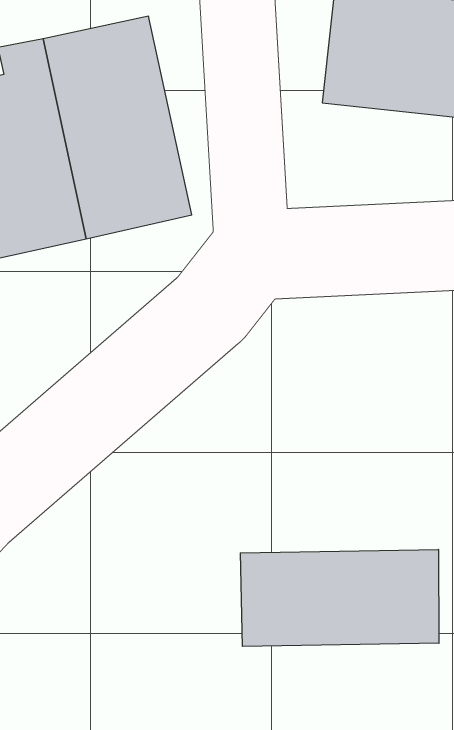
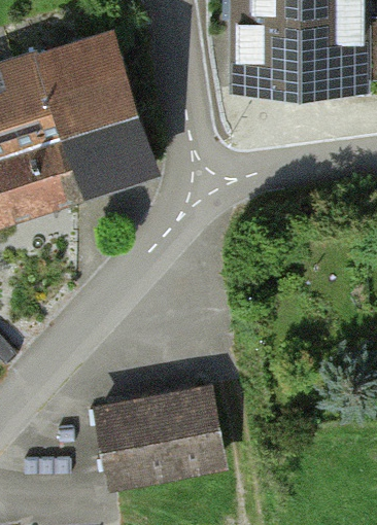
building: [240,549,439,646] -> none
building: none -> [93,393,216,480]

